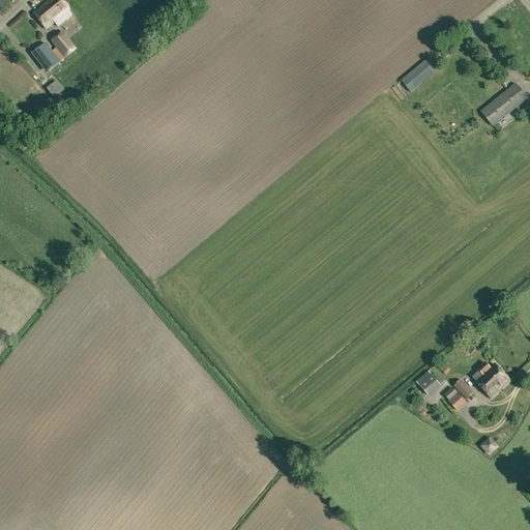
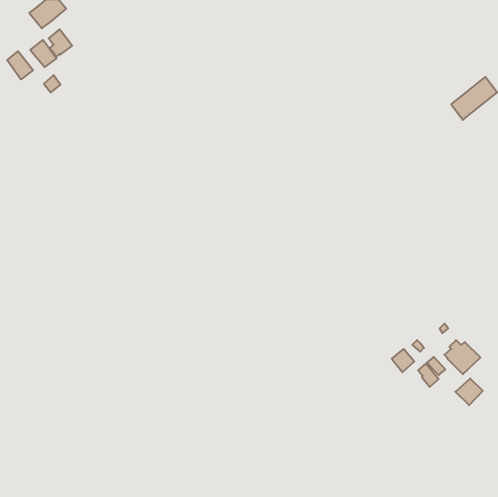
building: none -> [7,51,33,79]
building: [401,57,438,92] -> none
building: none -> [455,378,483,405]

